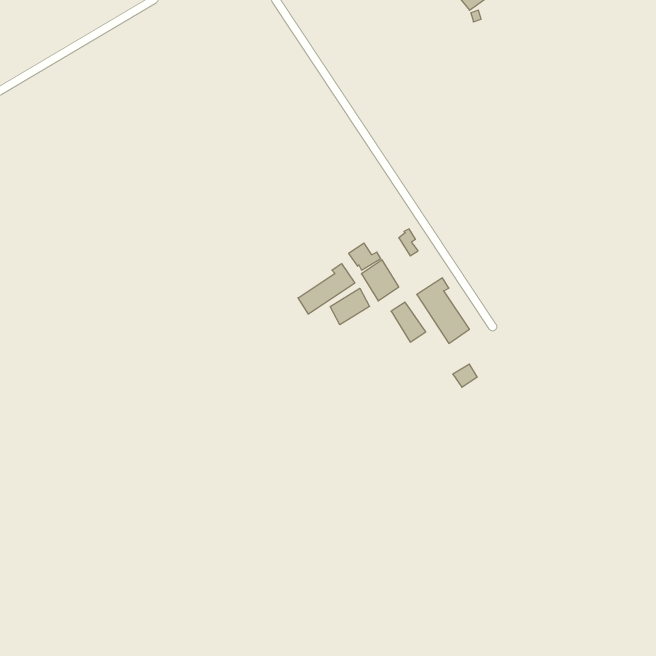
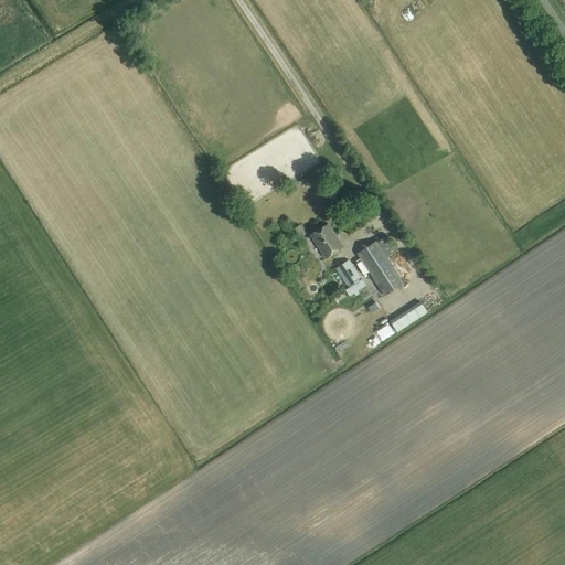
building: [298,264,355,314] -> none
building: [330,288,370,325] -> none

